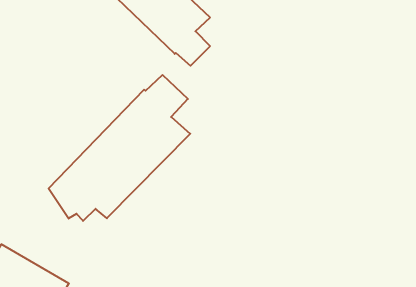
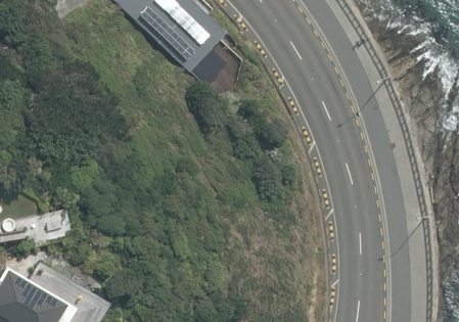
building: [49,75,190,221] -> none

